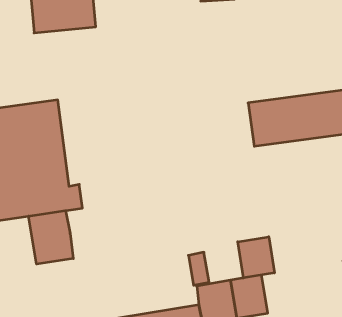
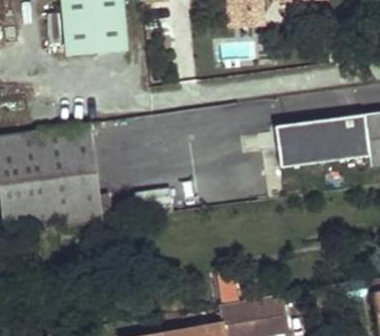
building: [29,211,73,264] -> none
building: [238,237,274,278] -> none

